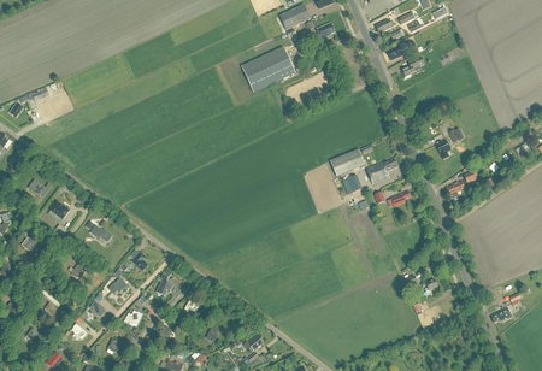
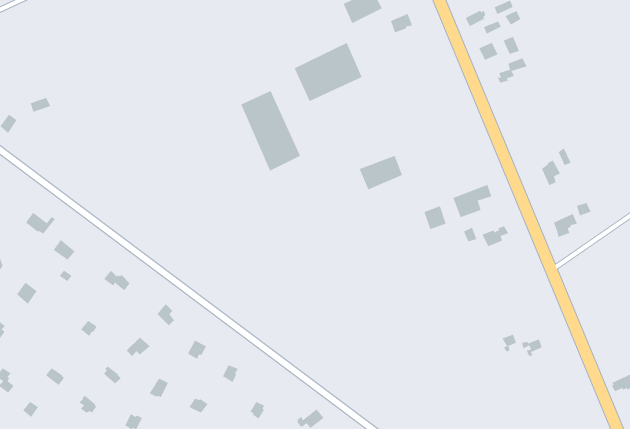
building: none -> [240,90,301,172]
building: [330,148,365,176] -> [359,155,403,190]

